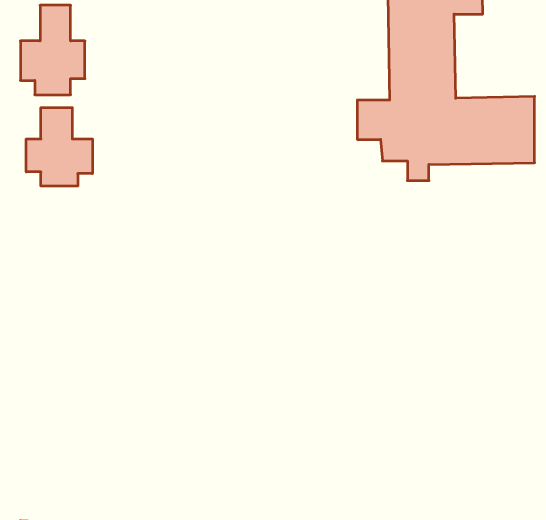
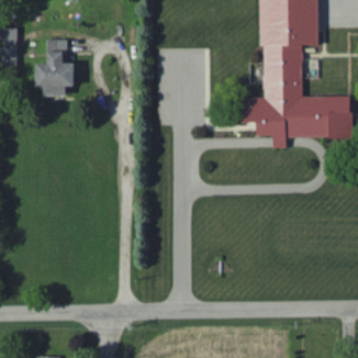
building: [26,108,92,186] -> none

